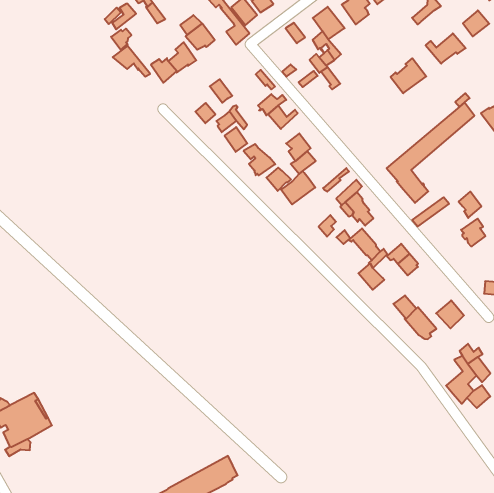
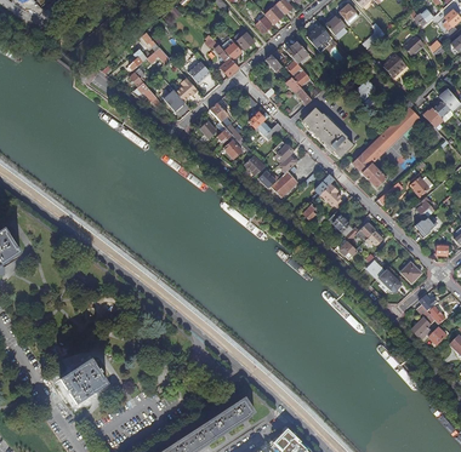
building: none -> [301,107,352,156]

